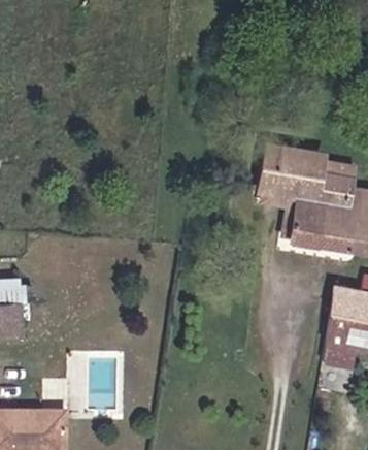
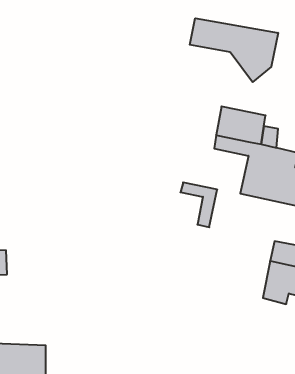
building: none -> [190,18,278,82]
building: [261,183,303,234] -> [180,182,217,227]

